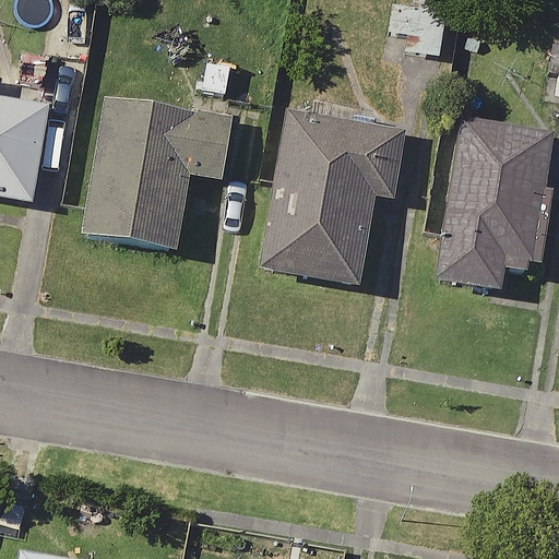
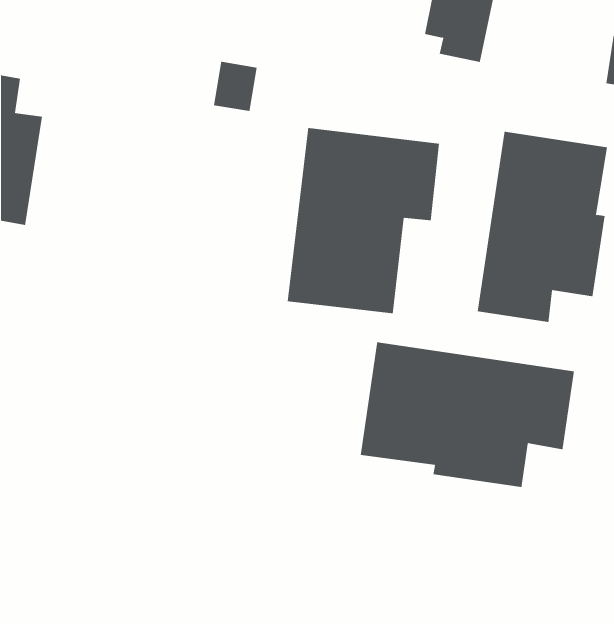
building: [84,93,230,247] -> none
building: none -> [360,341,575,488]

